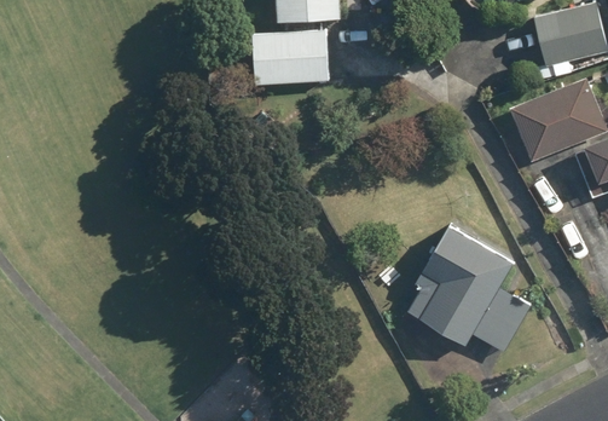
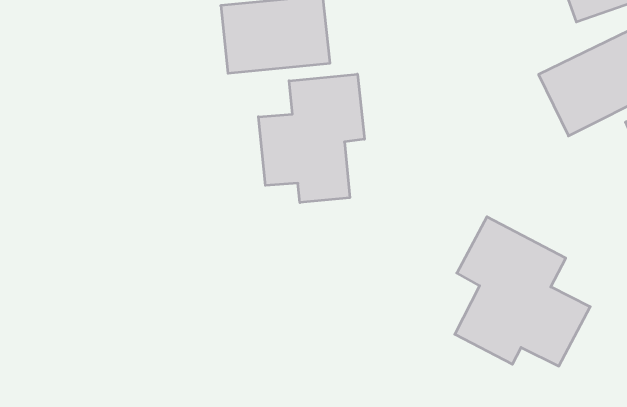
building: none -> [258,74,364,203]

